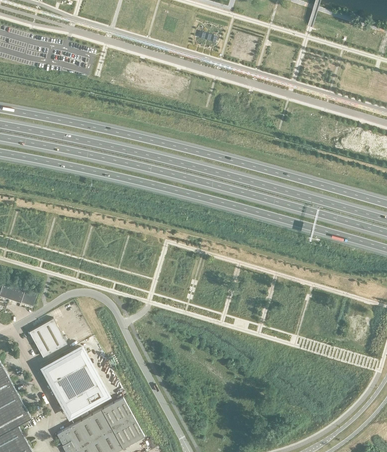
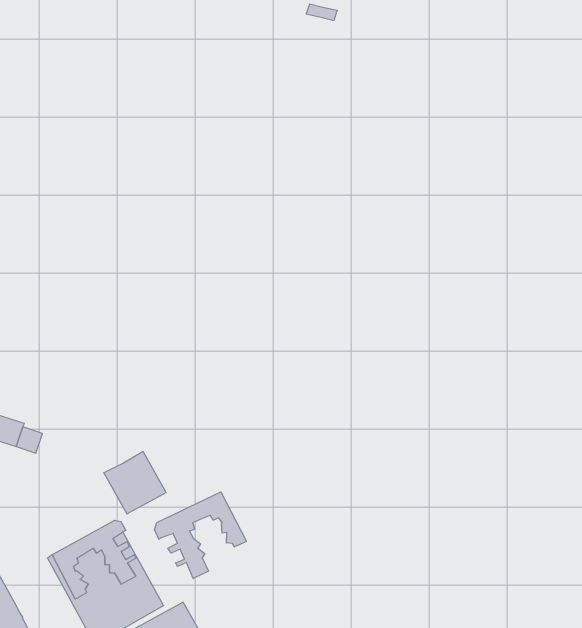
building: [29,319,67,357] -> [104,452,166,514]
building: none -> [155,492,246,579]

